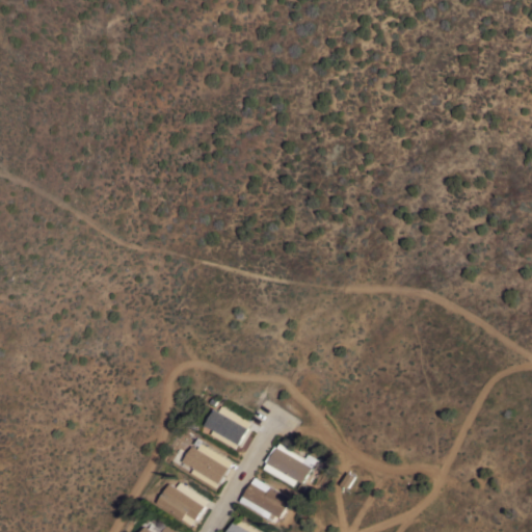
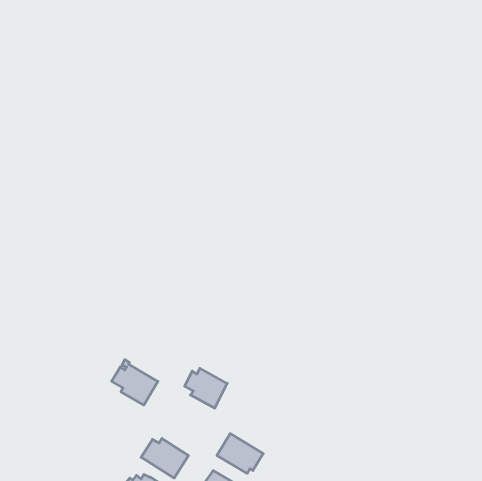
building: [180,440,231,489] -> [112,360,158,405]
building: [263,445,310,488] -> none

